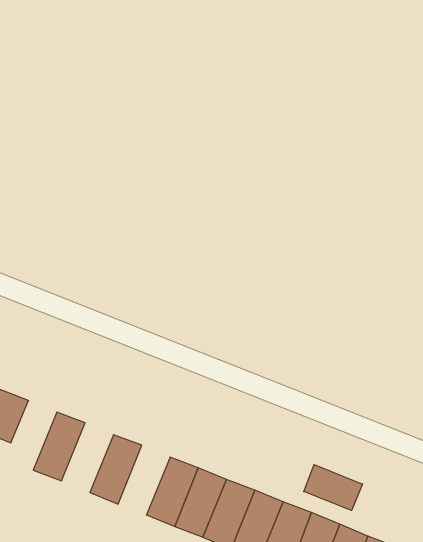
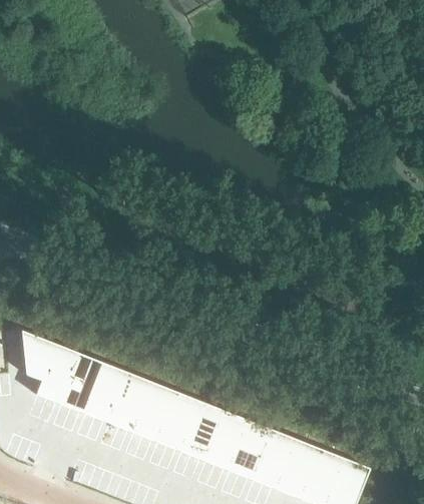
building: none -> [36,345,80,404]
building: none -> [84,364,128,423]
building: none -> [132,383,176,442]
building: [304,465,363,510] -> none

